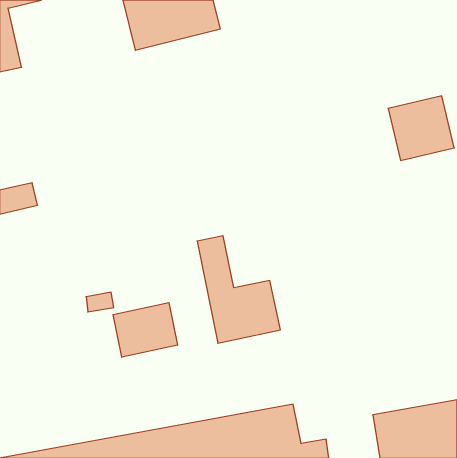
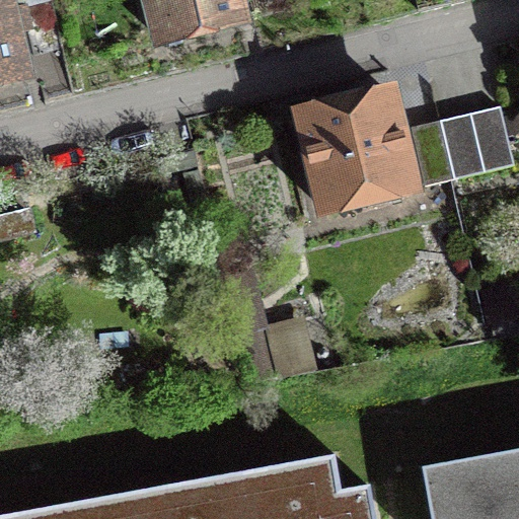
building: none -> [304,93,416,209]
building: [113,303,177,357] -> none

